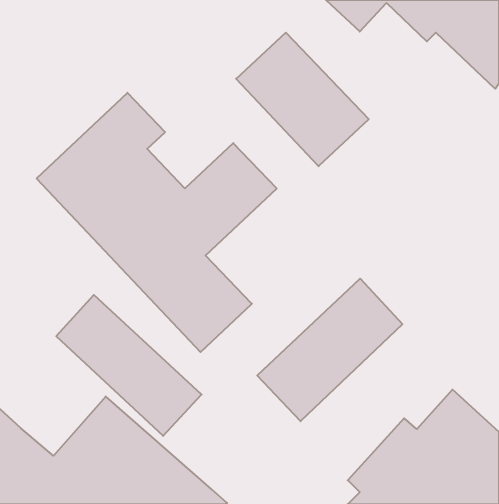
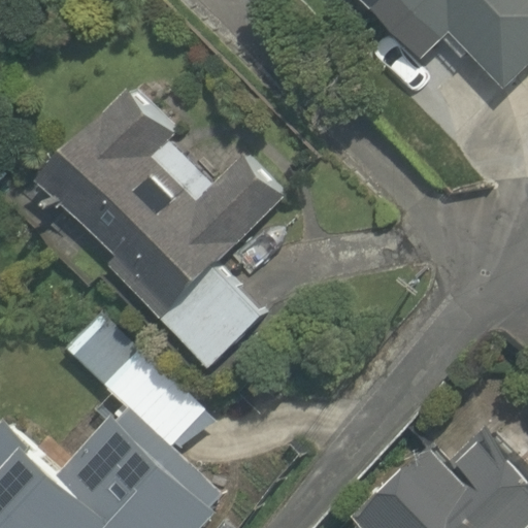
building: [236,33,369,166] -> none
building: [257,279,402,421] -> none

